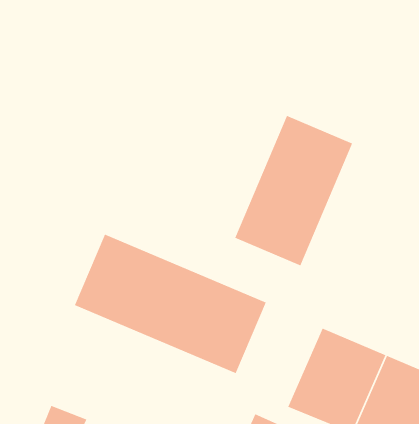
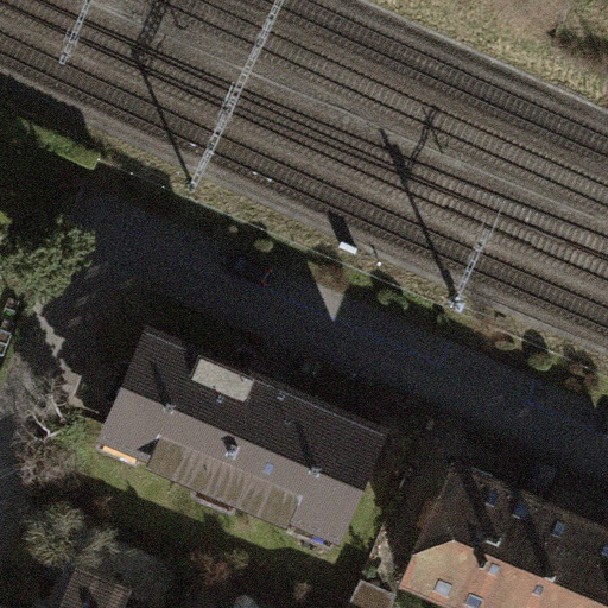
building: [234,115,353,266] -> none

